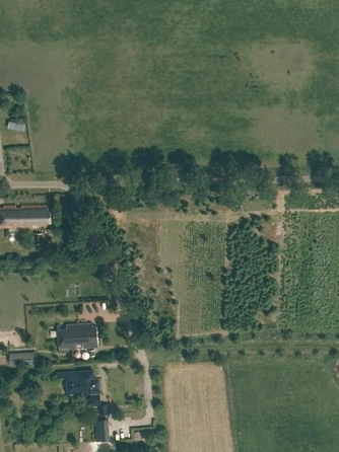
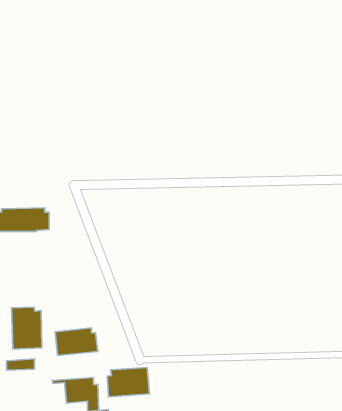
building: none -> [11,307,42,349]
building: none -> [107,368,150,397]

